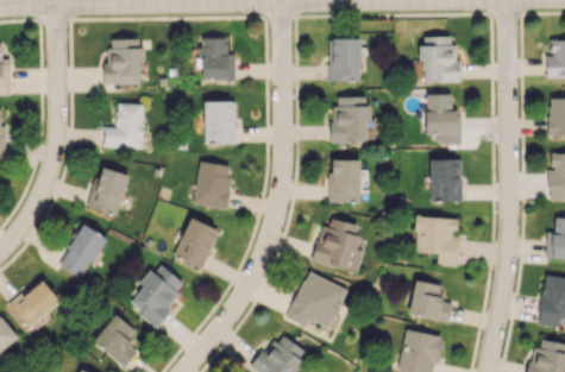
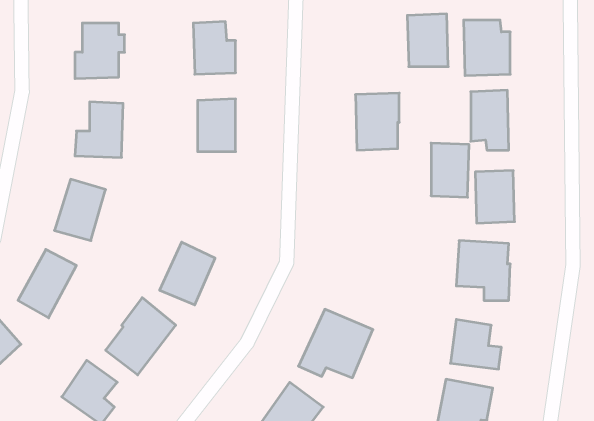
building: [328,38,362,81] -> [407,14,448,67]
building: [331,159,362,203] -> [431,143,469,197]
building: [194,162,233,209] -> none
building: [313,219,364,272] -> none

